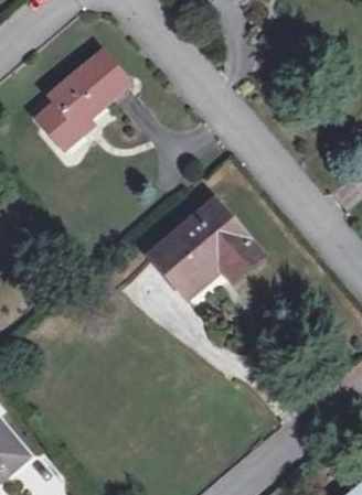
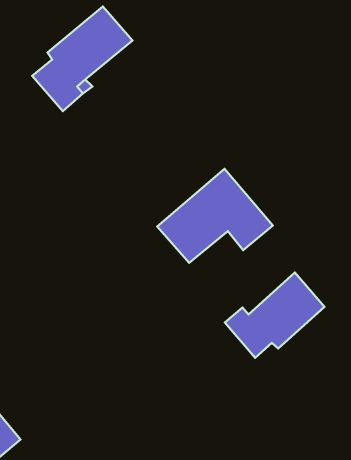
building: none -> [225,273,324,358]

